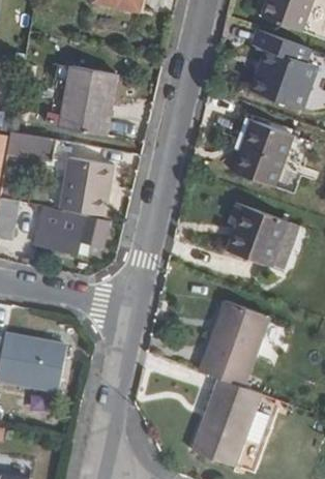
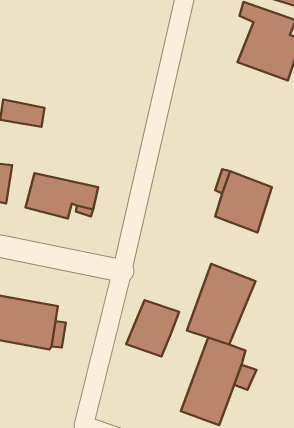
building: [48,63,117,137] -> none
building: [232,117,293,188] -> none
building: [63,155,115,216] -> none
building: none -> [126,300,179,356]

